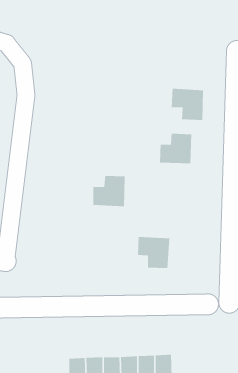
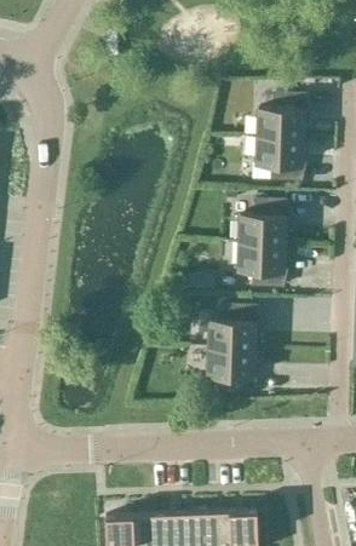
building: none -> [257,92,304,137]
building: none -> [237,241,285,286]
building: [93,175,126,207] -> [208,304,255,349]

